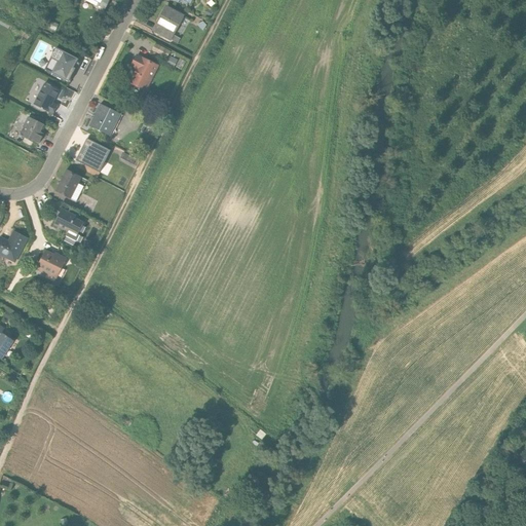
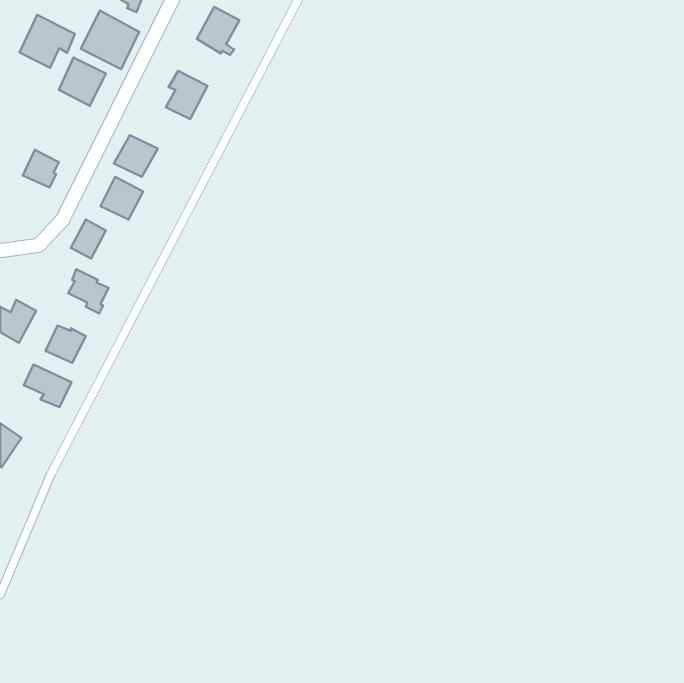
building: none -> [81,11,139,69]
building: none -> [19,15,75,68]
building: [35,78,61,112] -> none
building: none -> [24,365,72,407]

